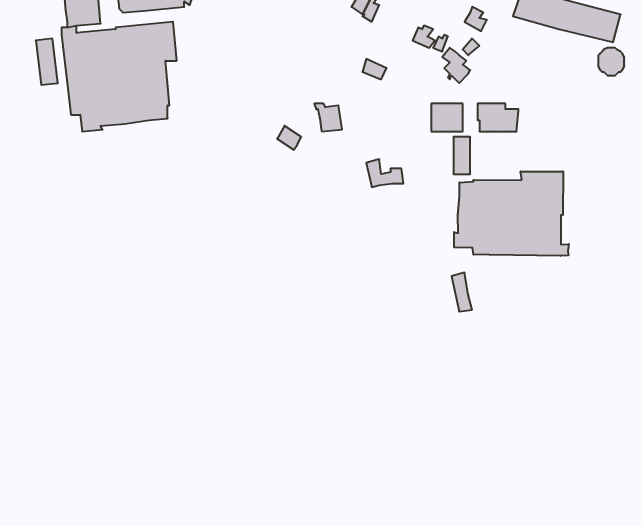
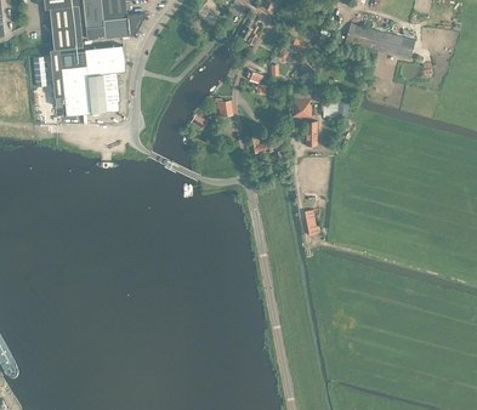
building: [454,171,569,256] -> none

